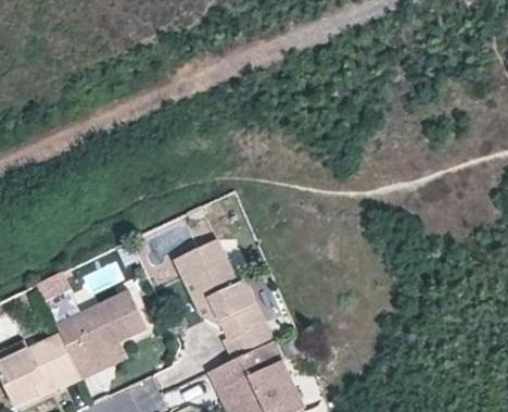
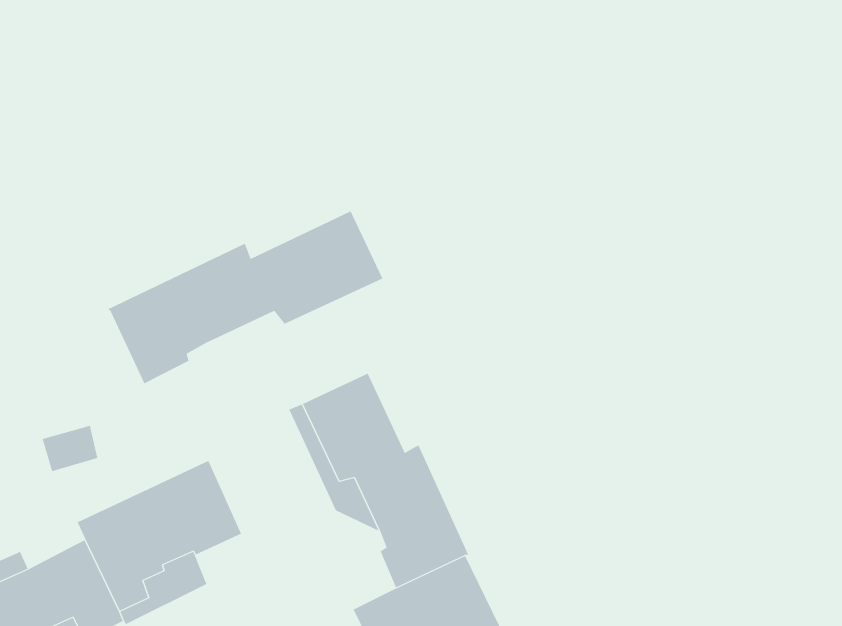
building: none -> [107,211,383,384]

